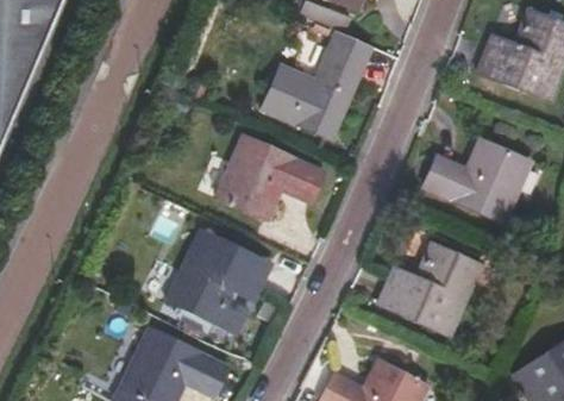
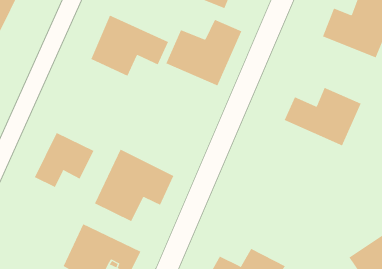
building: [215,134,322,219] -> [90,15,169,77]
building: none -> [34,132,94,188]
building: [375,243,481,338] -> none

